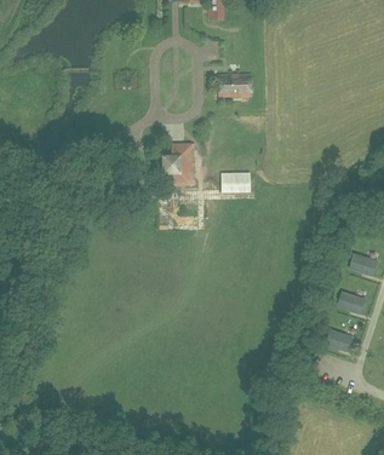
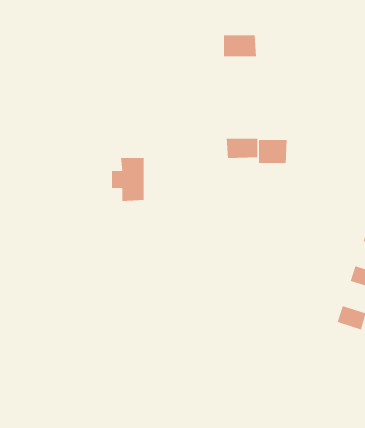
building: [162,144,194,185] -> [111,158,145,201]
building: none -> [259,139,287,164]

